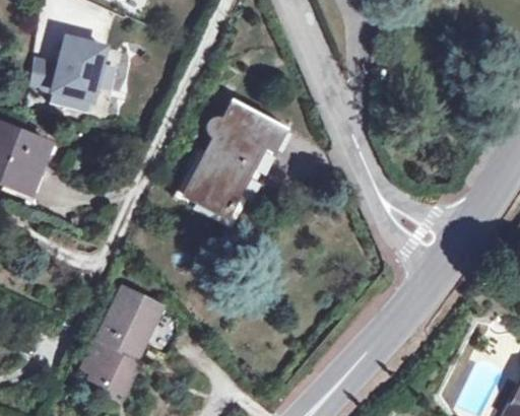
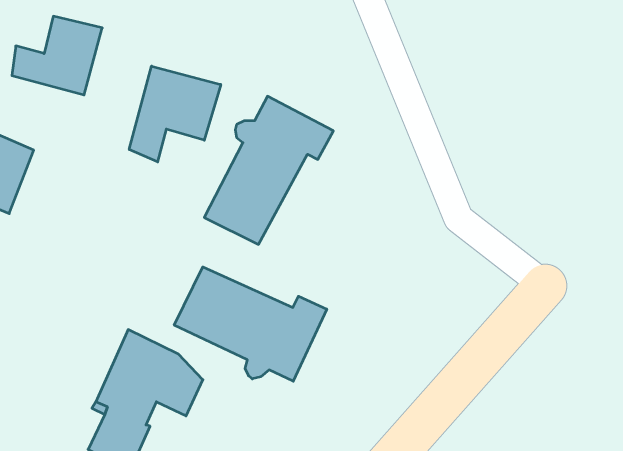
building: none -> [129,66,221,162]
building: none -> [174,267,327,381]

